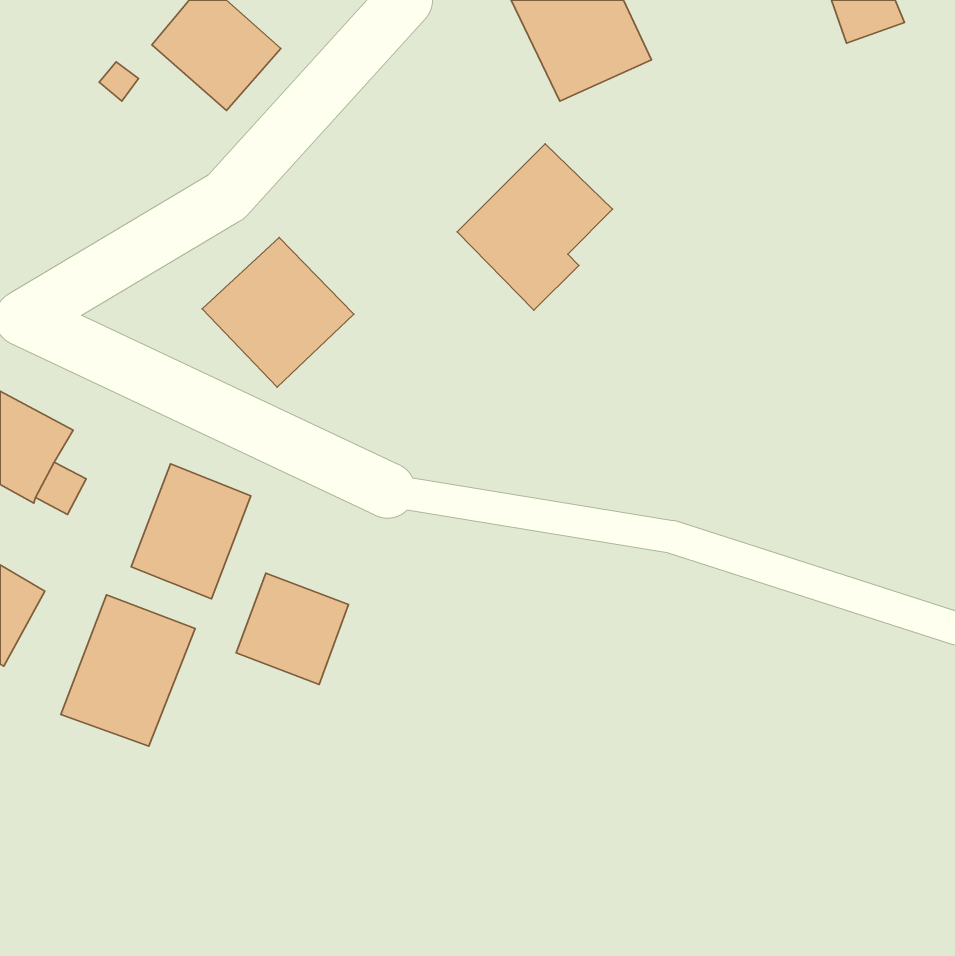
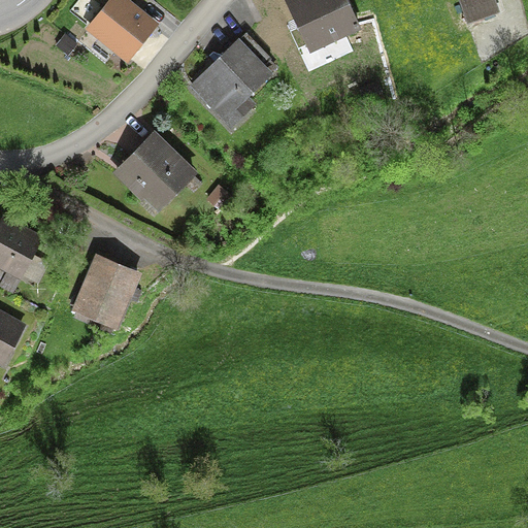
building: [457,144,613,310] -> [189,37,274,129]
building: [236,573,349,684] -> none
building: [61,595,195,746] -> none

